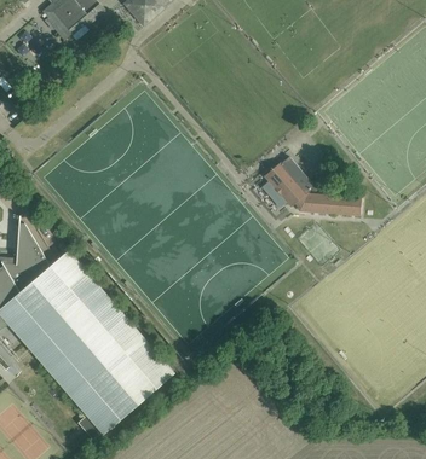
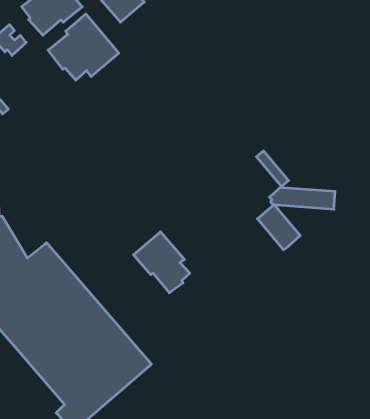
building: none -> [48,14,119,80]
building: [261,162,305,208] -> [257,205,300,250]
building: none -> [133,232,190,293]

